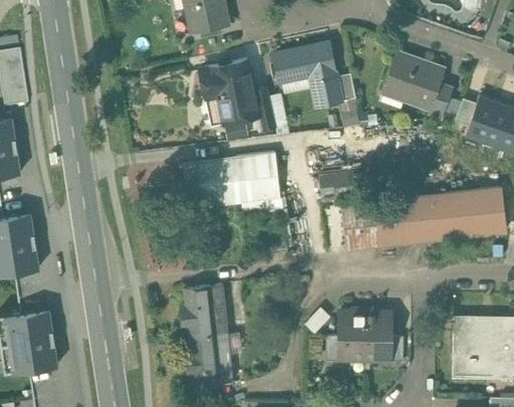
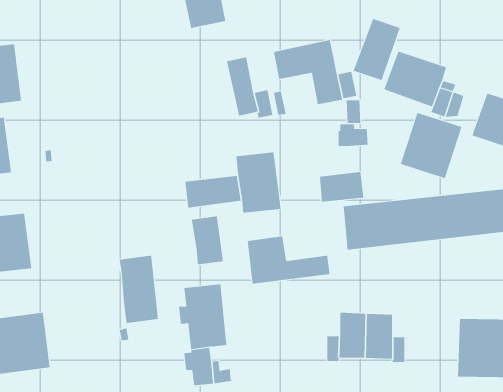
building: none -> [353,18,401,81]
building: [200,64,239,122] -> none
building: none -> [401,112,462,179]
building: none -> [338,123,368,147]
building: none -> [191,215,223,266]
building: none -> [247,236,330,284]
building: none -> [119,255,158,324]

